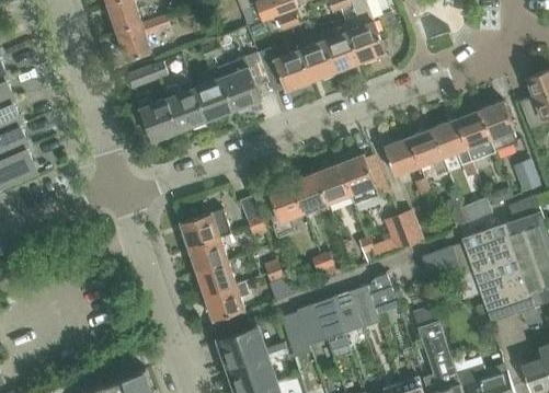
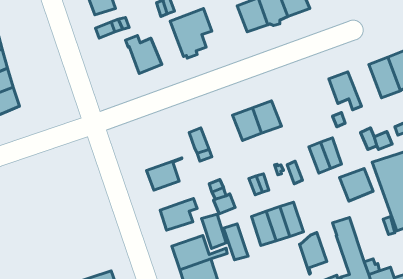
building: [258,48,310,90] -> none
building: [194,78,233,119] -> none
building: [137,97,180,140] -> none
building: [432,119,477,176] -> none
building: [384,137,420,175] -> none
building: [338,152,380,204] -> none
building: [267,181,305,235] -> none
building: [181,208,231,247] -> none
building: [197,261,236,296] -> none
building: [366,271,399,322] -> [300,232,327,274]
building: [297,303,327,345] -> [202,214,226,248]

